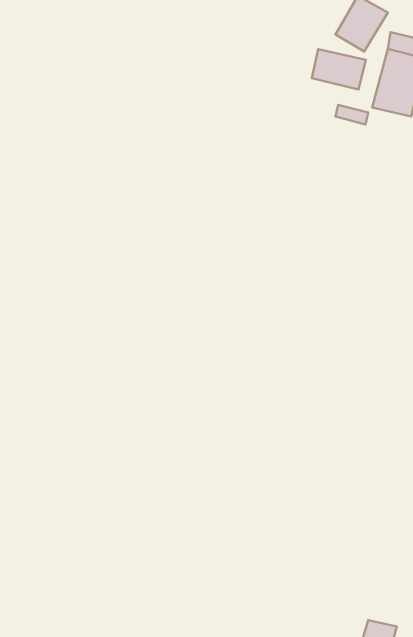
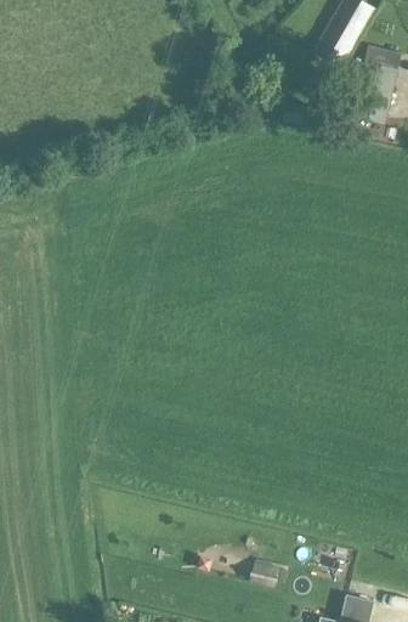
building: [312,49,366,89] -> none

